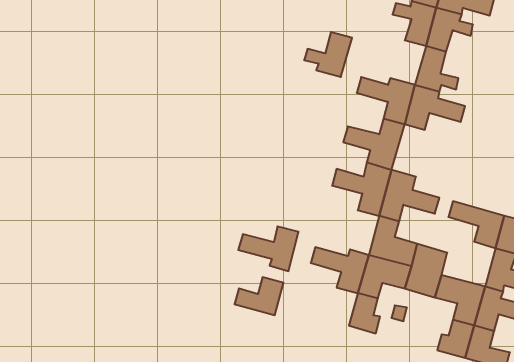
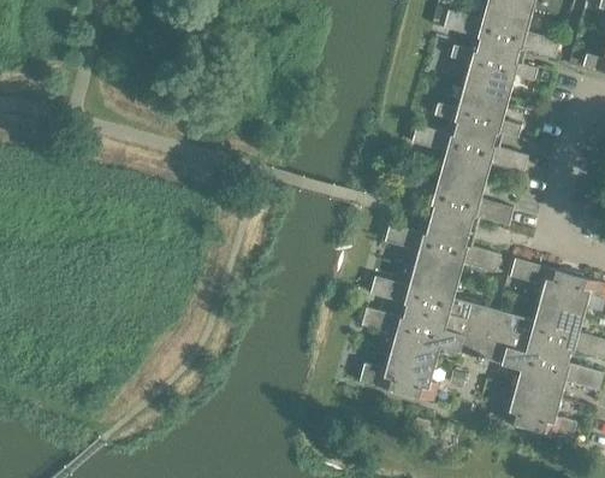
building: [304,32,352,77] -> [434,85,486,134]
building: none -> [449,176,514,232]
building: [238,226,299,271] -> [370,268,435,317]
building: none -> [503,302,560,350]
building: [234,277,284,315] -> [360,352,413,393]

